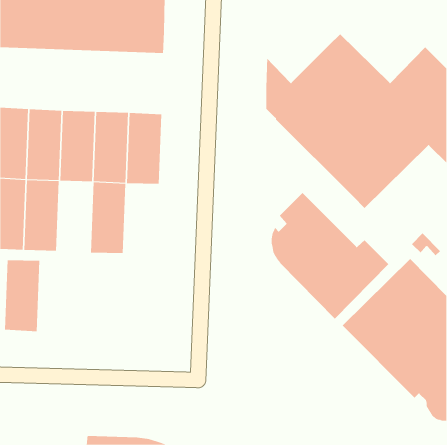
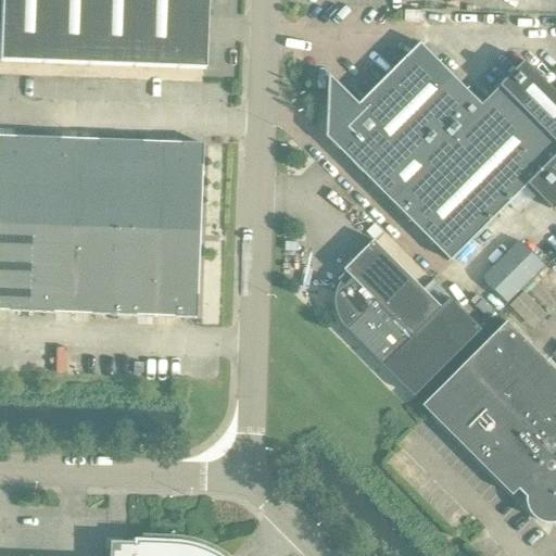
building: none -> [153,227,198,316]
building: none -> [482,239,544,301]
building: [4,260,40,332] -> [71,224,115,313]

